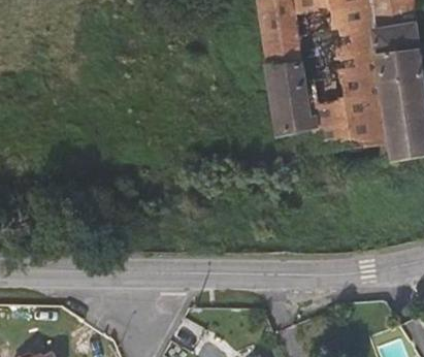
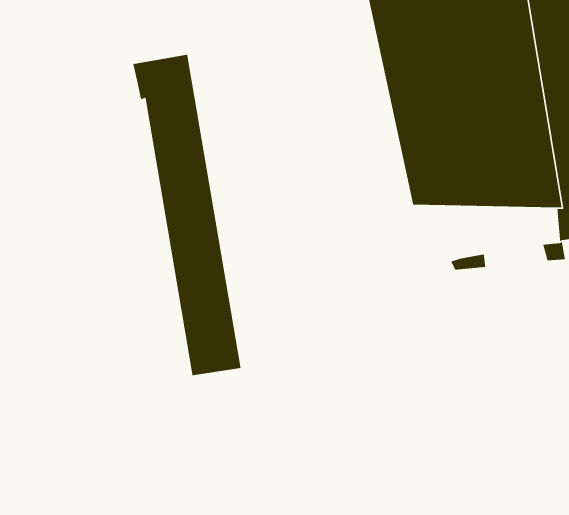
building: none -> [132,54,241,376]

